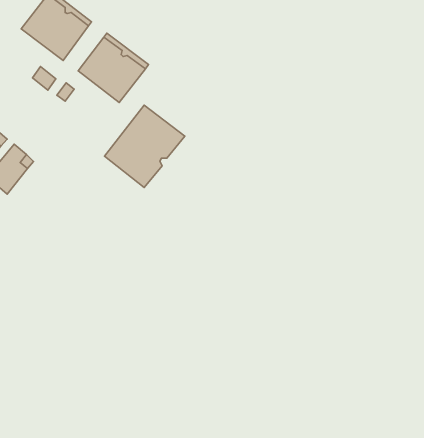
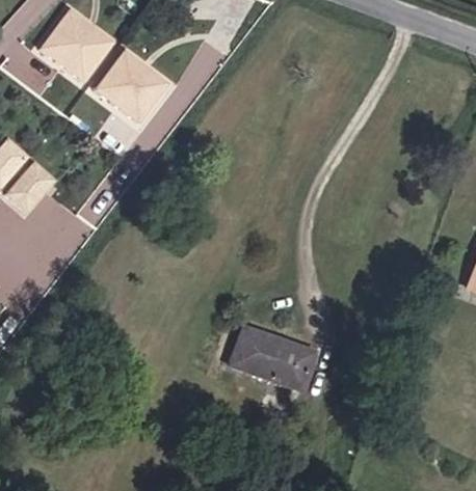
building: [104,105,185,188] -> none
building: none -> [230,324,313,386]

